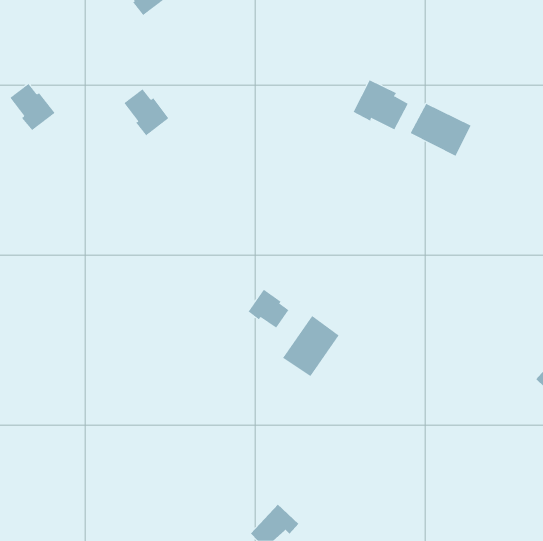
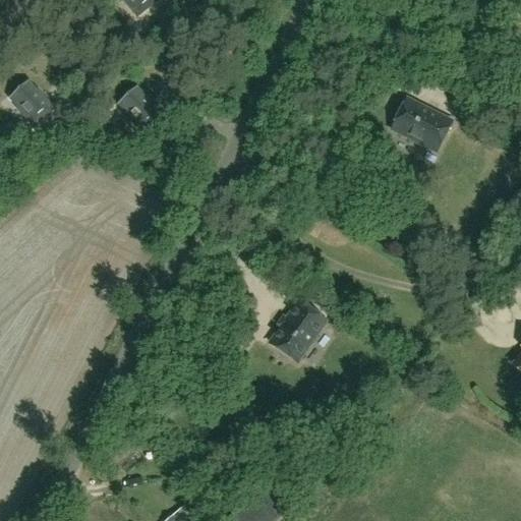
building: [353,79,408,130] -> none
building: [248,289,289,329] -> none

